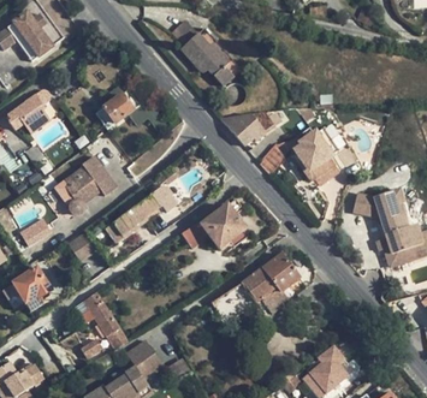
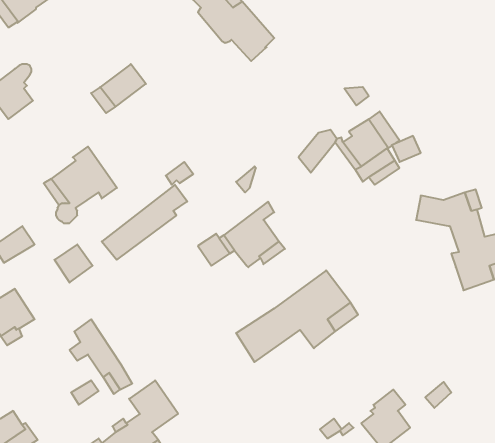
building: [219,111,281,145] -> none

